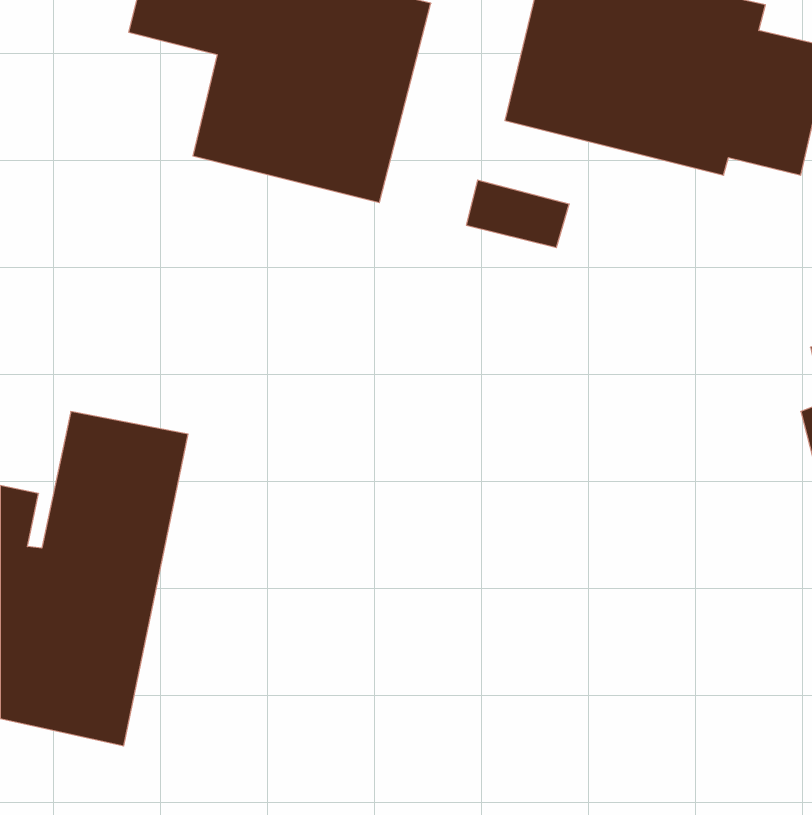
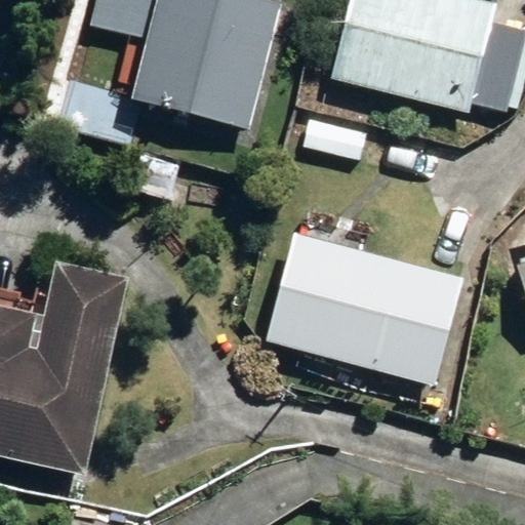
building: none -> [265,233,462,385]

